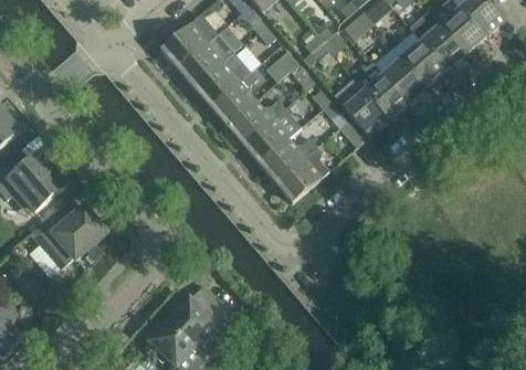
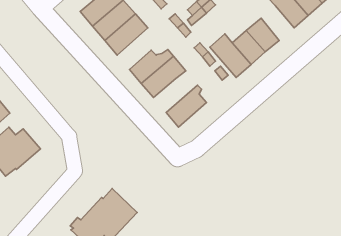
building: [401,40,445,86] -> none
building: [209,70,257,125] -> none
building: [257,137,316,182] -> none

